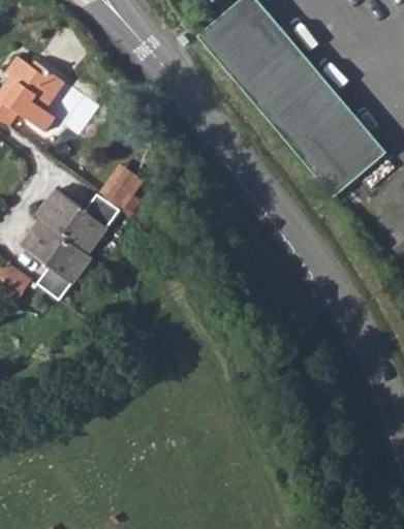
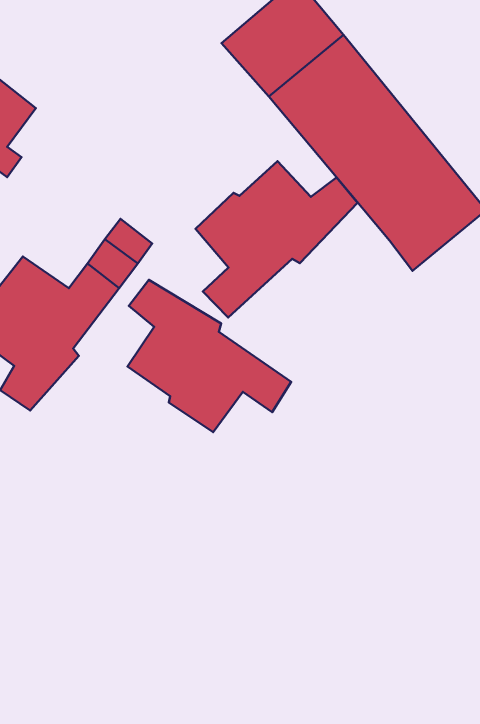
building: none -> [195,161,358,317]
building: none -> [127,280,291,432]

